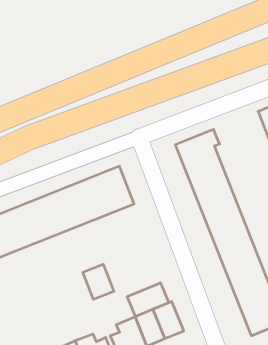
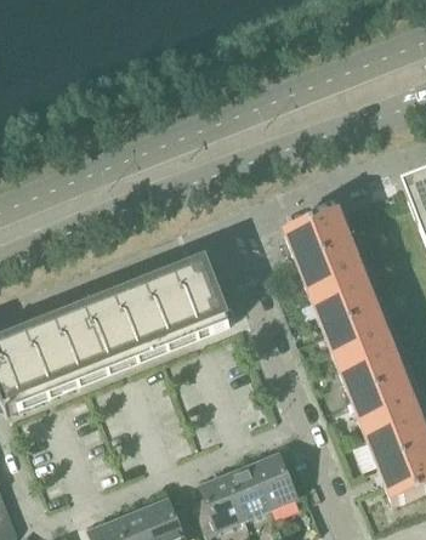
building: [83,264,114,299] -> none
building: [127,283,169,316] -> none

